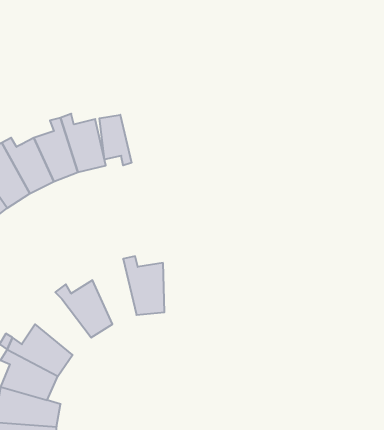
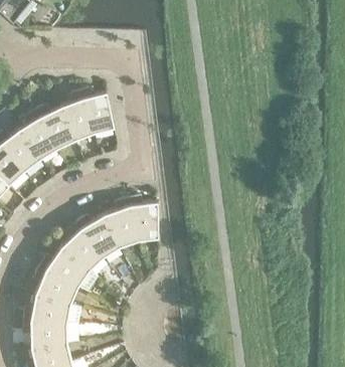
building: [99,115,132,165] -> none
building: none -> [103,199,136,248]
building: none -> [59,224,102,271]

